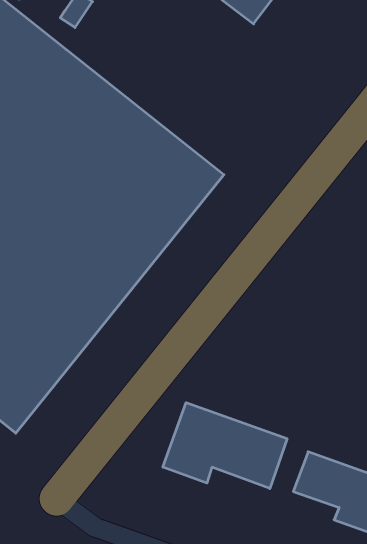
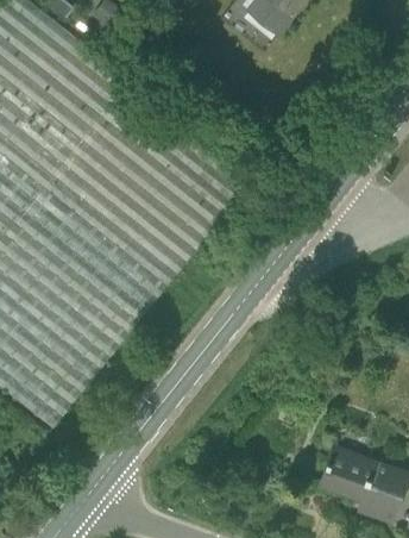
building: [163,403,287,489] -> none

